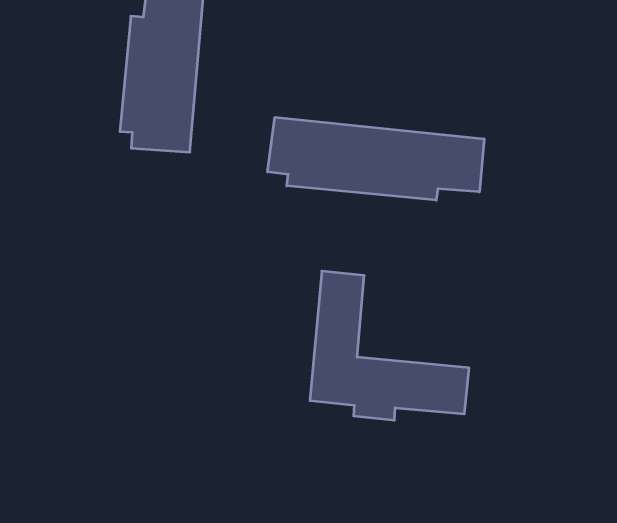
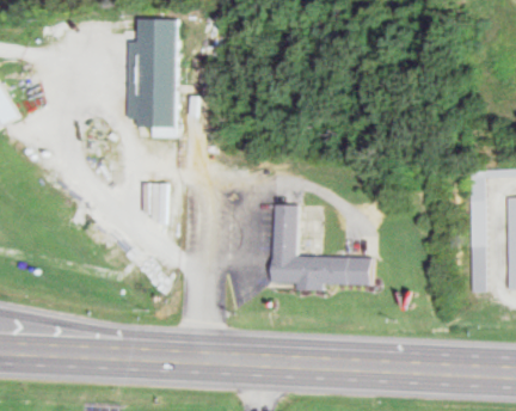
building: [268,117,484,200] -> none

